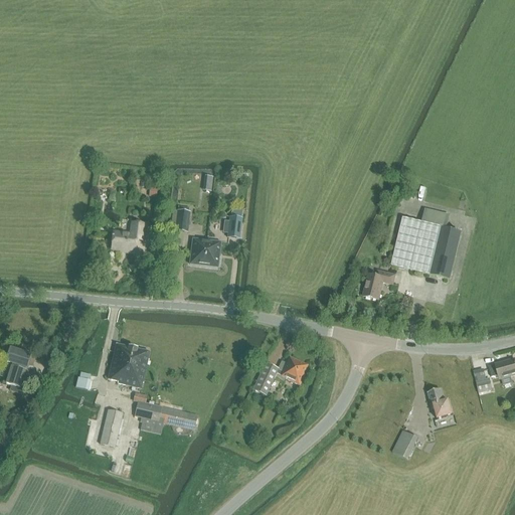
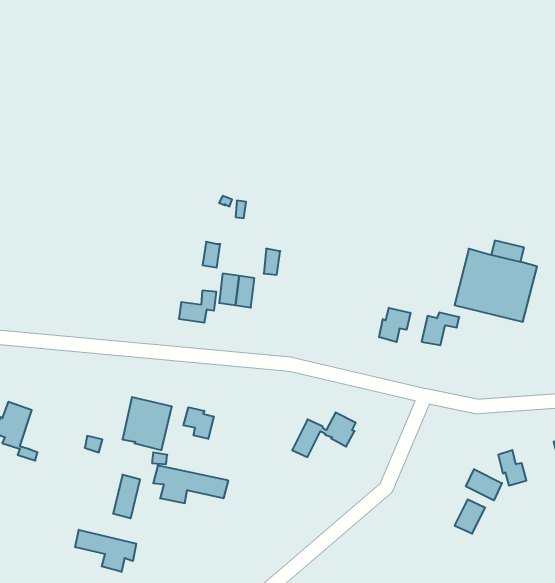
building: [113,221,145,248] -> [179,291,216,322]
building: none -> [379,308,410,342]
building: none -> [183,407,214,439]
building: none -> [466,469,502,500]
building: none -> [75,530,136,572]

